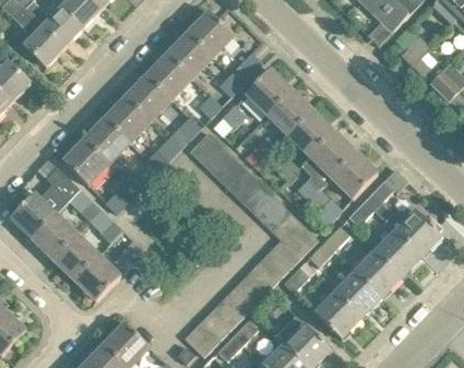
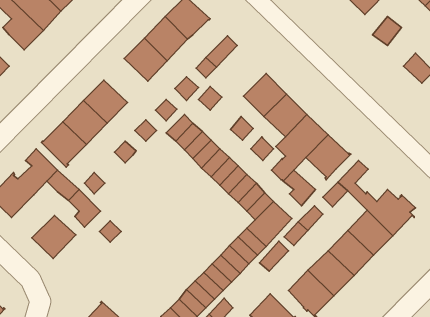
building: [245,68,290,114] -> none
building: [126,75,170,120] -> none
building: [32,214,75,258] -> none
building: [74,254,120,300] -> none

